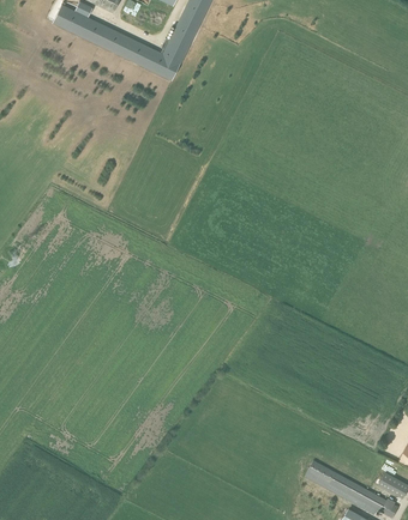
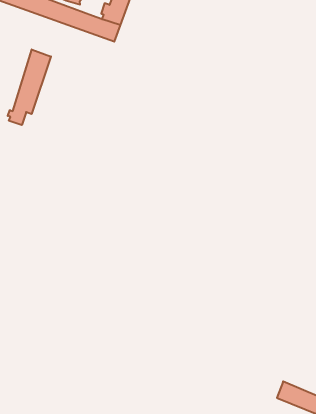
building: none -> [8,49,51,125]

